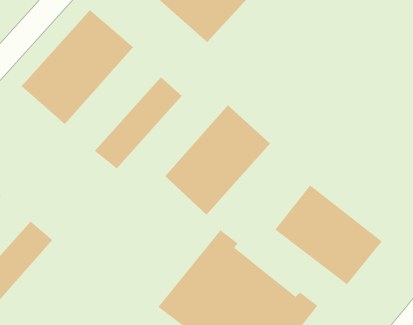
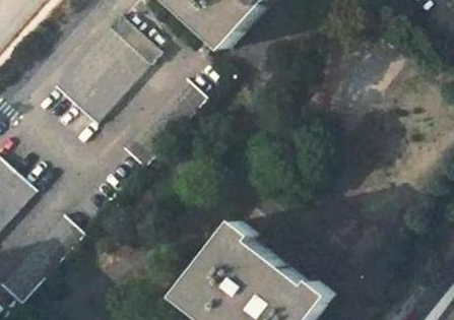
building: [164,104,271,215] -> none
building: [275,185,383,285] -> none

